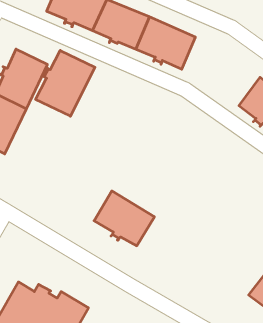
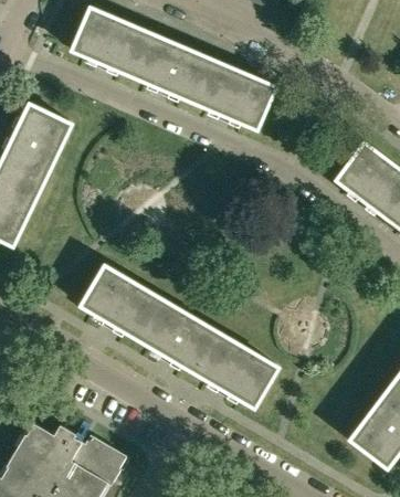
building: [36,50,95,116] -> none
building: none -> [80,263,160,337]
building: none -> [194,331,278,406]

